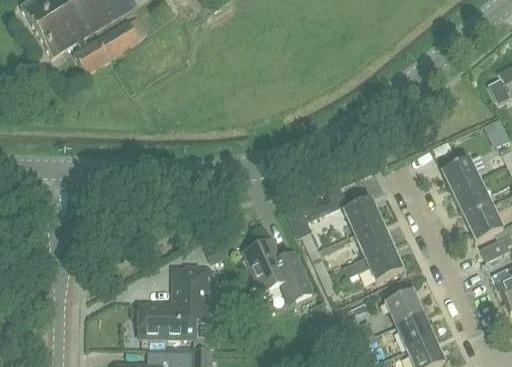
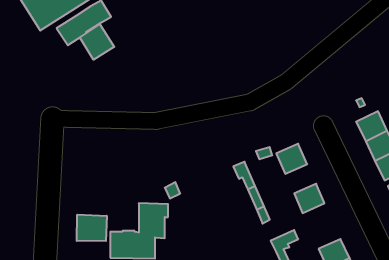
building: none -> [80,24,114,60]
building: [354,220,392,256] -> none
building: [244,238,312,300] -> none
building: none -> [77,215,107,241]
building: [385,287,422,324] -> none

